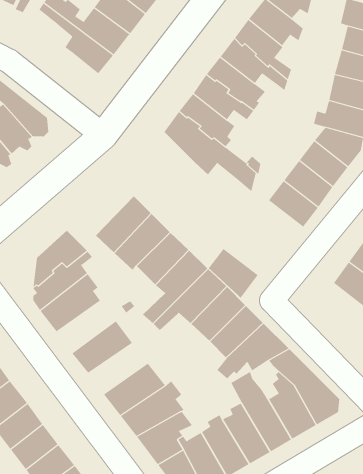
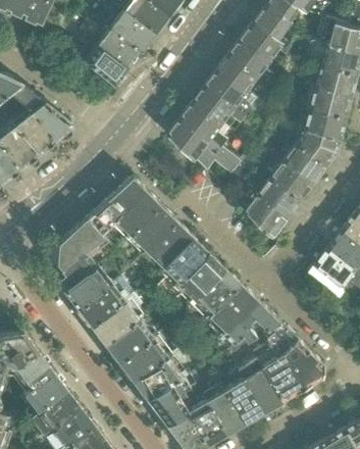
building: none -> [85,178,143,235]
building: [208,248,258,299] -> [246,194,290,238]
building: none -> [75,281,127,327]
building: none -> [103,317,155,362]

